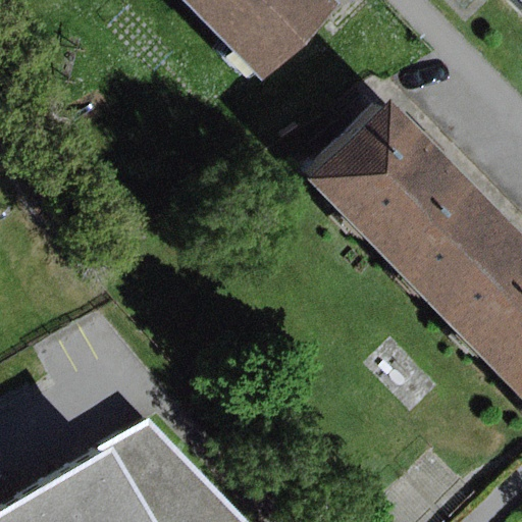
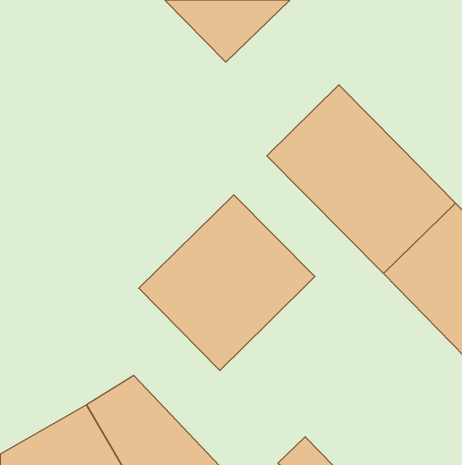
building: none -> [139,195,315,371]

